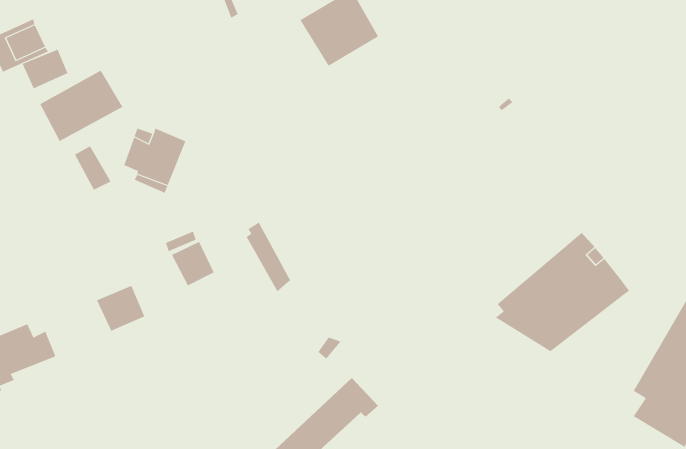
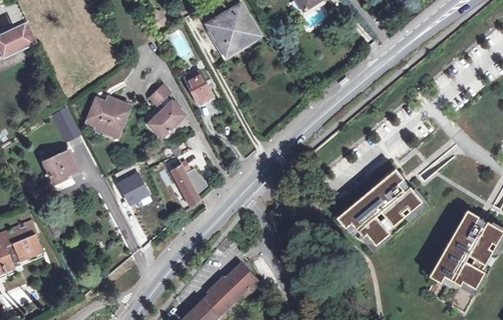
building: [22,49,68,89] -> none
building: [39,70,123,142] -> none
building: none -> [184,69,213,103]
building: none -> [148,84,184,136]
building: [96,285,145,332] -> [44,150,77,182]

